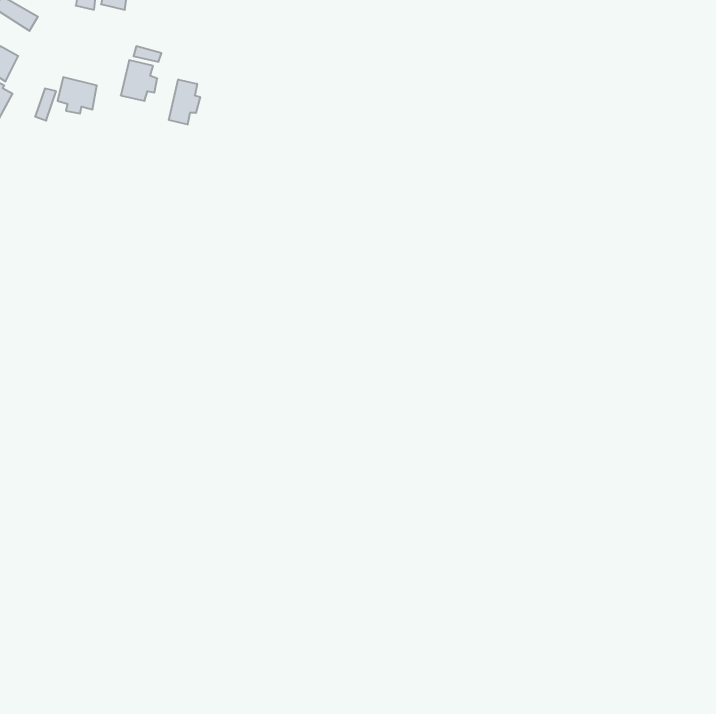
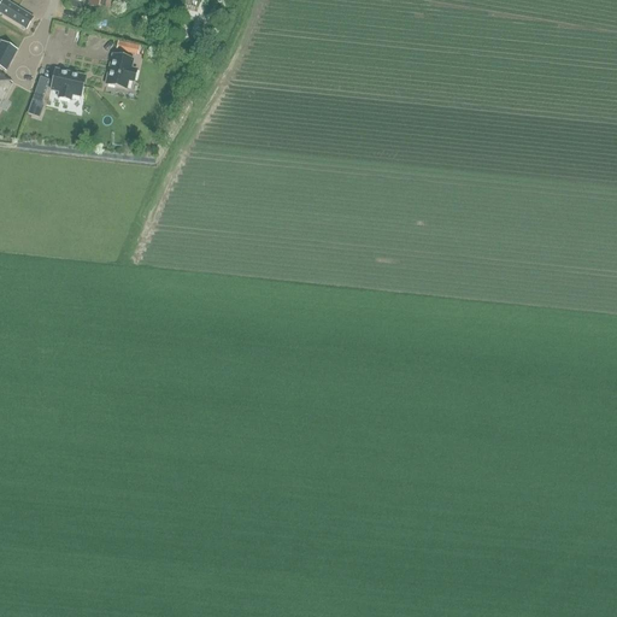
building: [169,79,200,125] -> none

